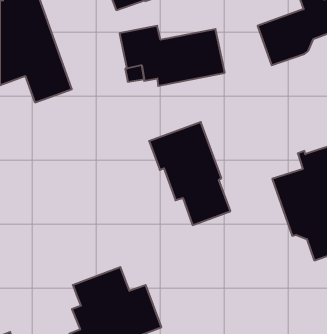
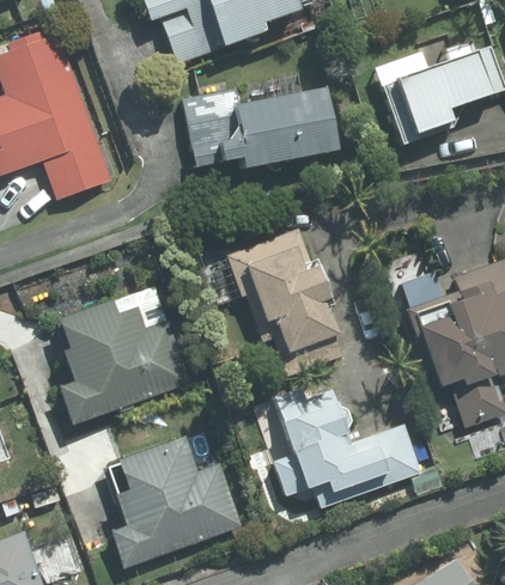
building: none -> [54,300,191,427]
building: none -> [274,390,420,507]

